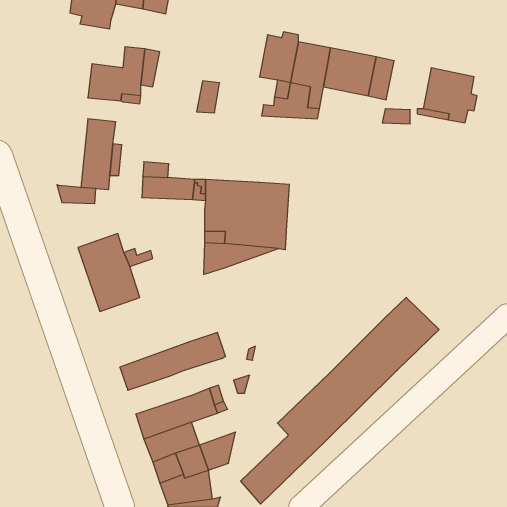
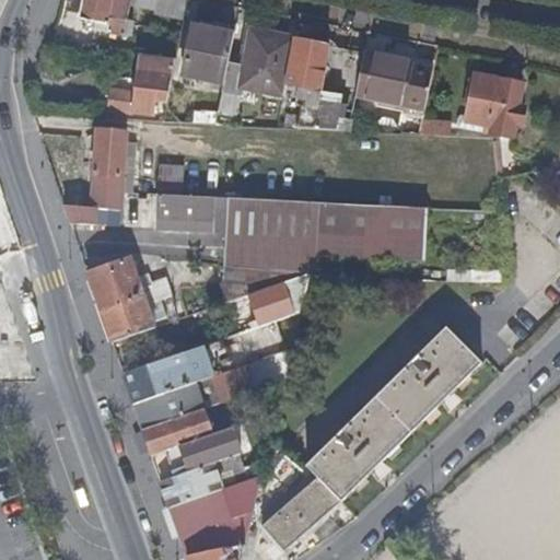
building: none -> [184,20,233,83]
building: none -> [238,30,293,94]
building: none -> [314,202,422,259]
building: none -> [247,272,305,326]
building: none -> [120,347,207,402]
building: none -> [140,406,211,454]

